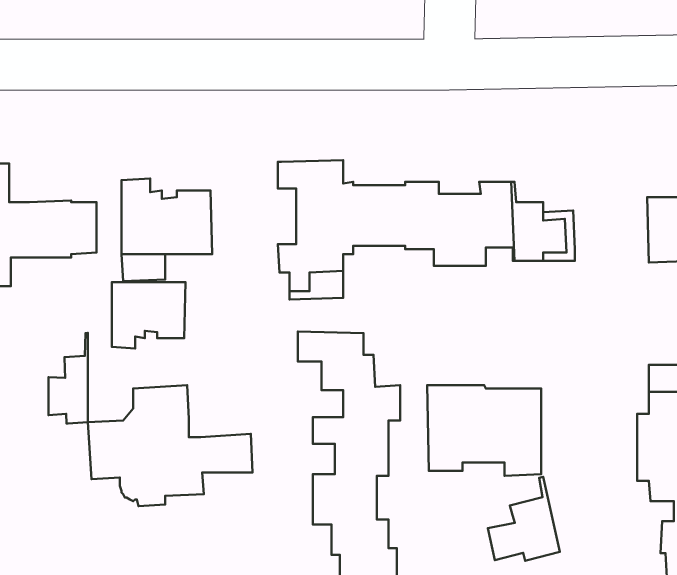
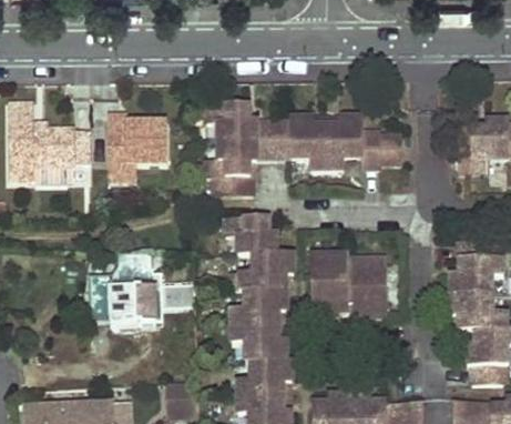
building: [112,282,186,348] -> none
building: [48,333,88,423] -> none
building: [488,477,560,561] -> none

